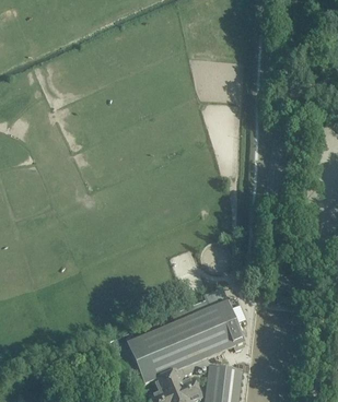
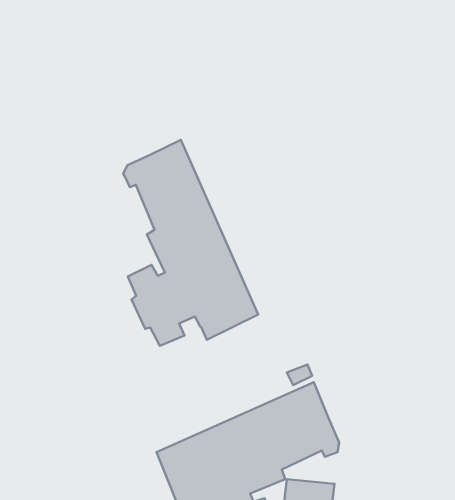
building: none -> [123,140,258,346]

